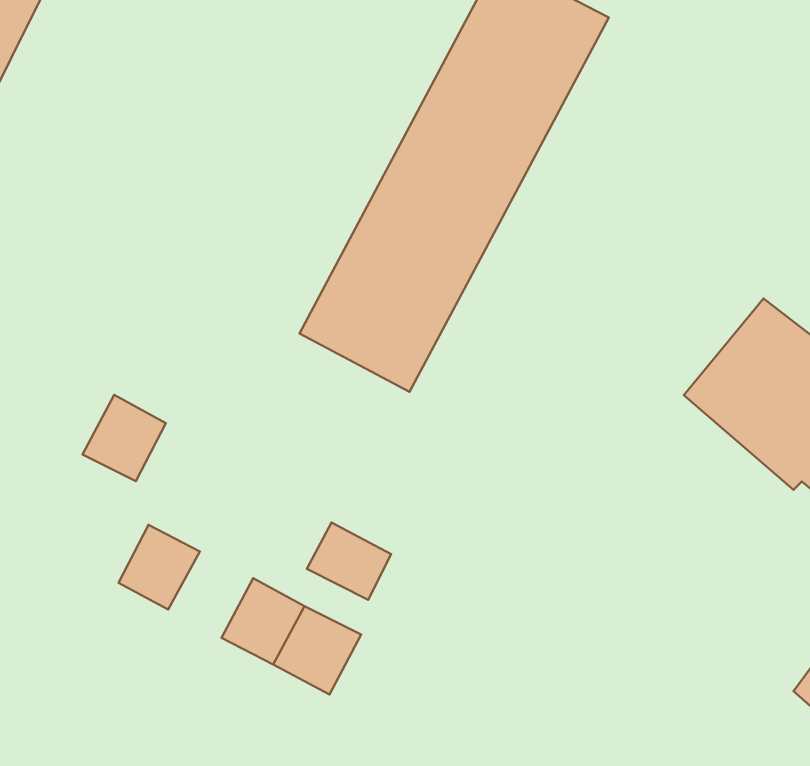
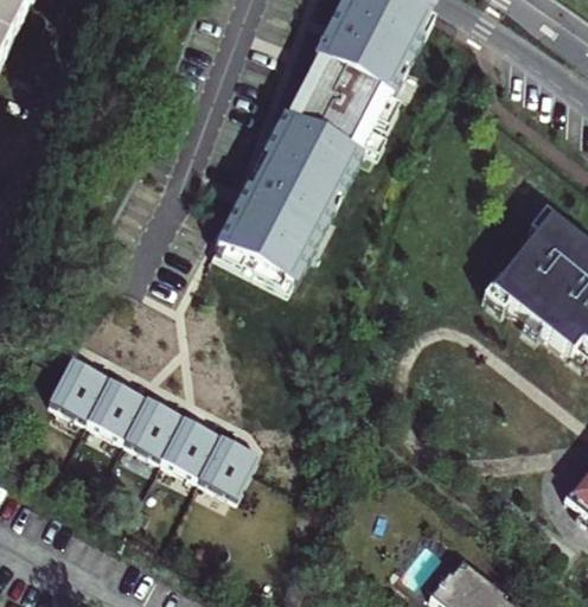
building: [83,395,166,481] -> [49,358,108,420]
building: [307,523,391,600] -> none
building: none -> [122,397,183,459]

